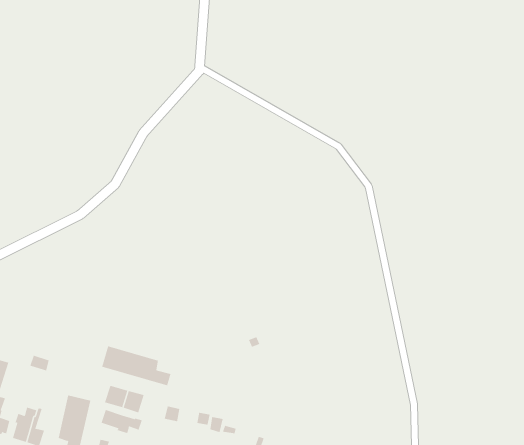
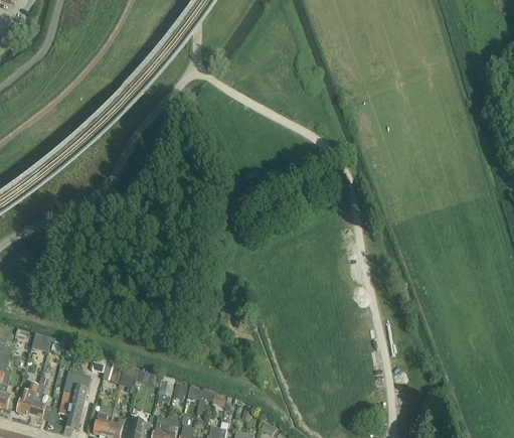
building: [101,345,171,386] -> none
building: [101,409,142,434] -> none

